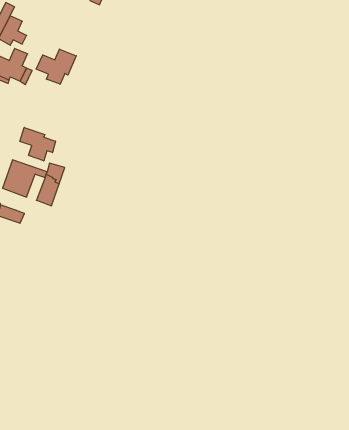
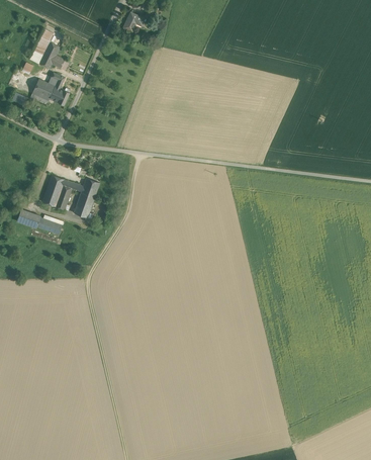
building: [36,49,76,84] -> none
building: [20,127,55,161] -> none

